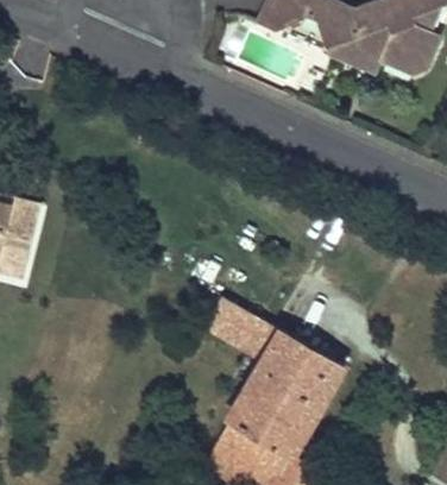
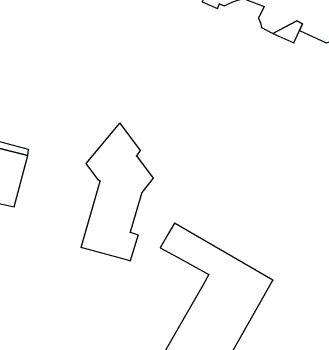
building: none -> [81,123,153,261]

